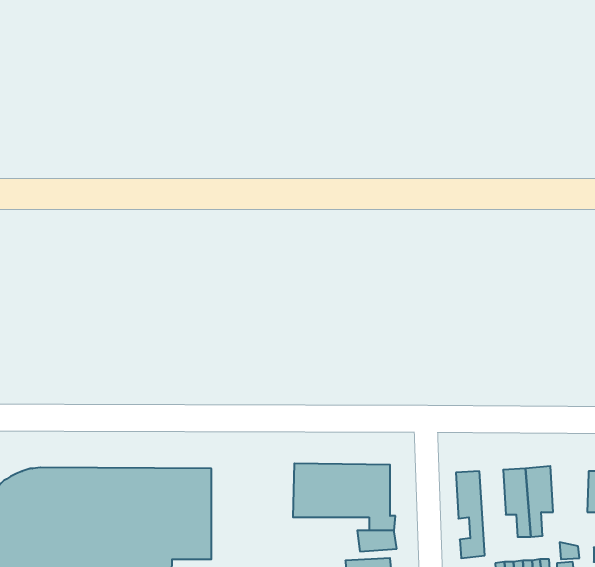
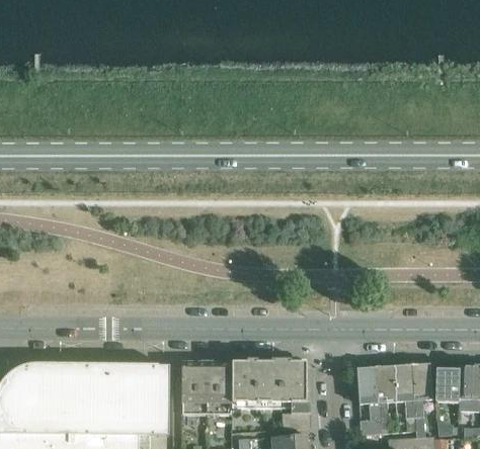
building: none -> [181,360,233,415]
building: none -> [376,367,396,433]
building: none -> [436,367,460,402]

